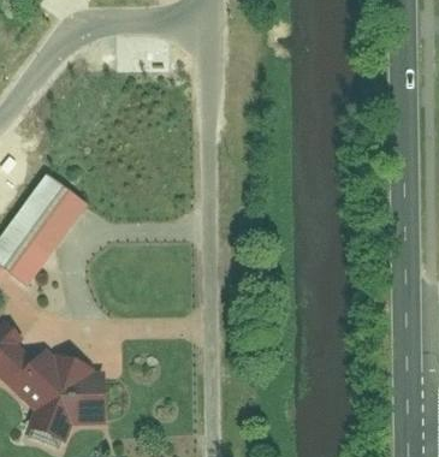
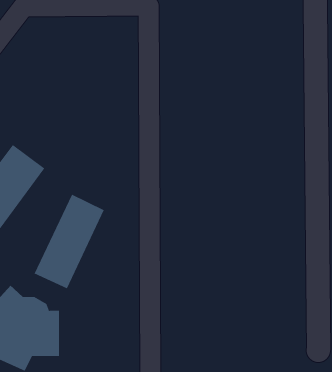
building: none -> [34,194,104,289]

